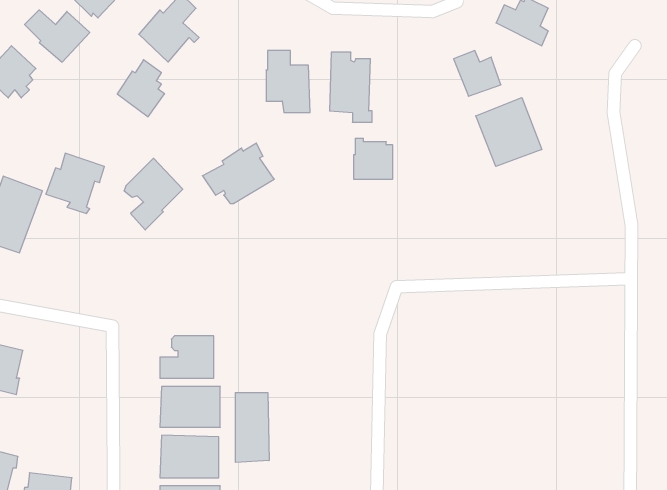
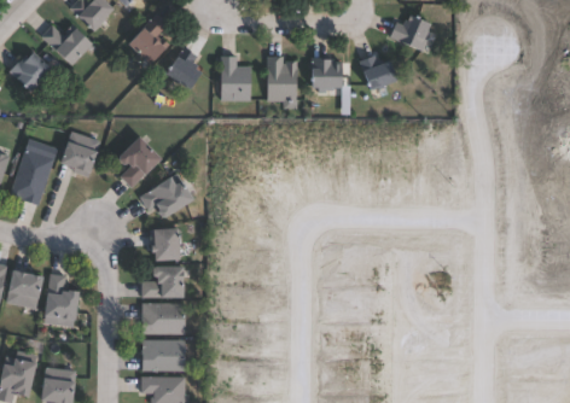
building: [117,60,165,117] -> [165,46,200,88]
building: [476,98,542,166] -> none
building: [354,138,393,179] -> [312,56,341,86]
building: [202,143,274,203] -> [140,171,193,216]
building: none -> [149,227,179,259]
building: none -> [42,273,77,327]
building: [235,393,269,462] -> none

